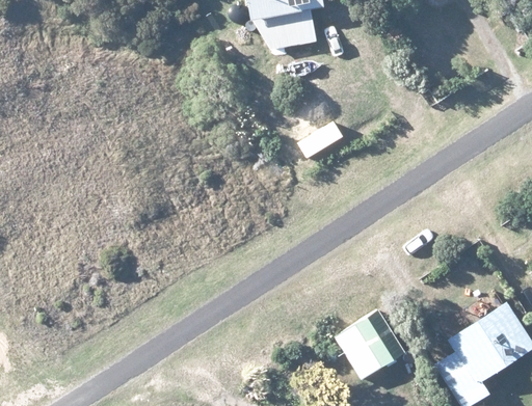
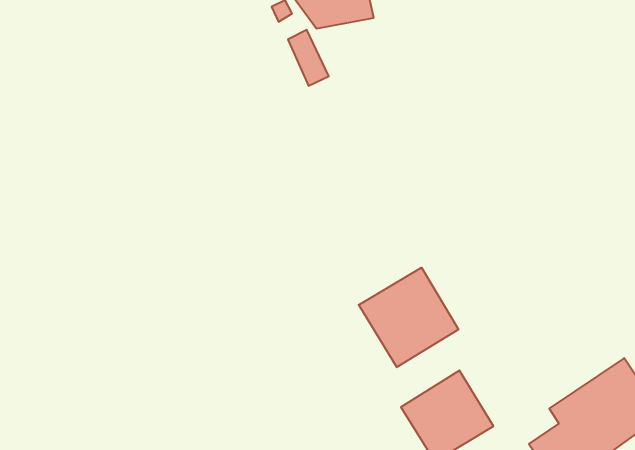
building: none -> [359,268,458,367]

